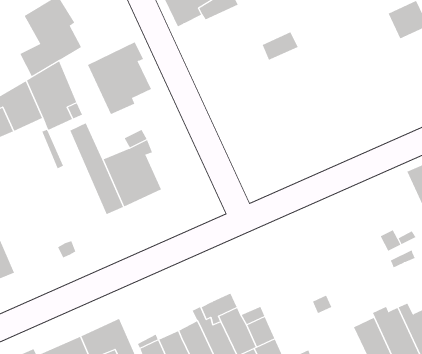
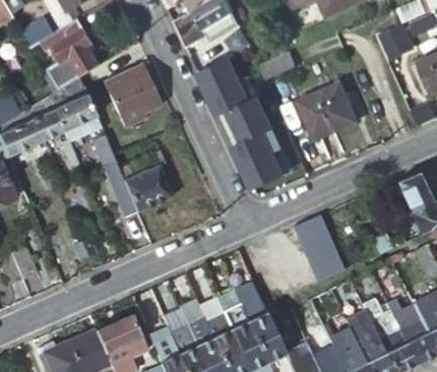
building: none -> [197,57,284,190]
building: none -> [297,83,355,138]
building: none -> [292,213,342,282]

